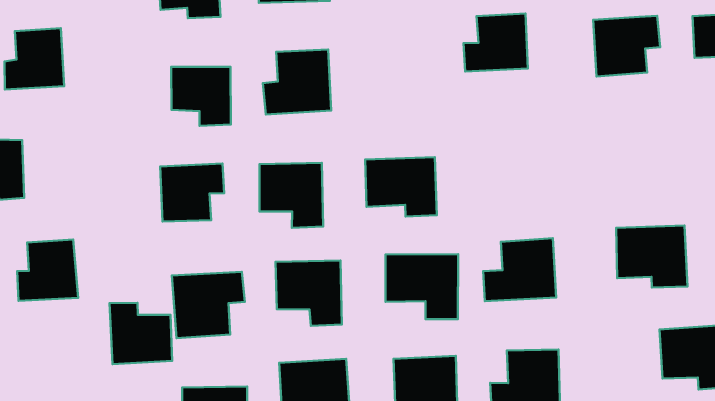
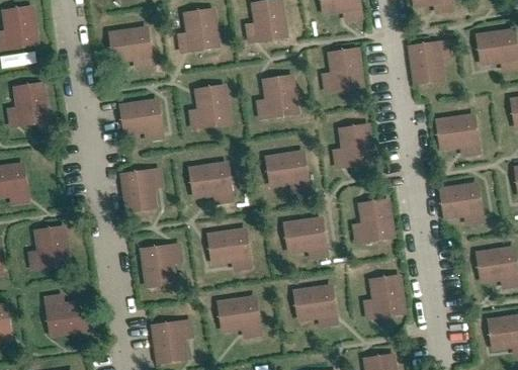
building: none -> [254,72,305,121]
building: none -> [329,122,374,167]
building: none -> [435,113,488,164]
building: [109,303,172,364] -> [44,293,90,337]

